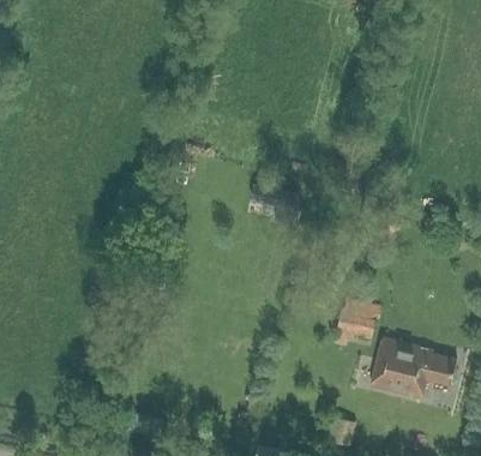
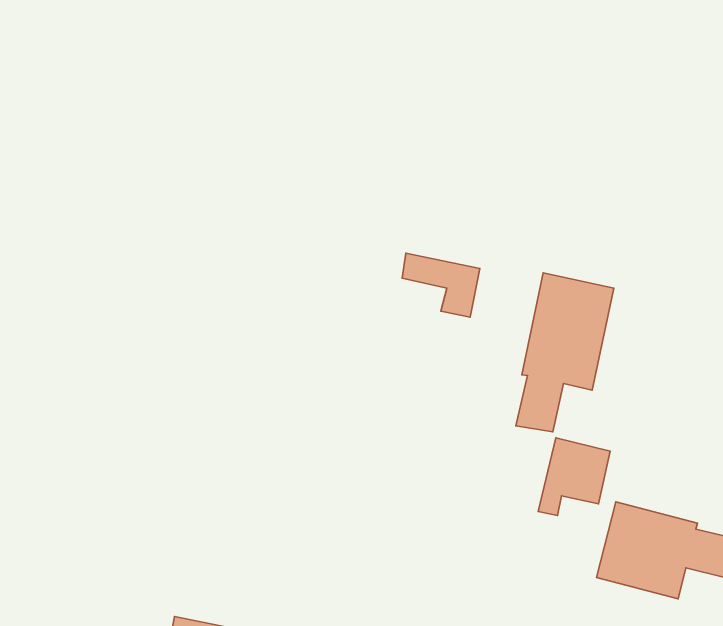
building: none -> [516,273,614,432]

